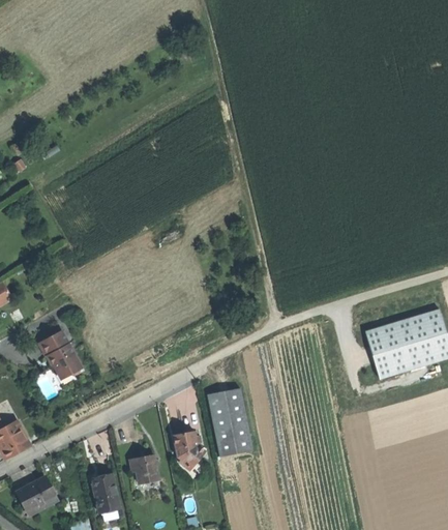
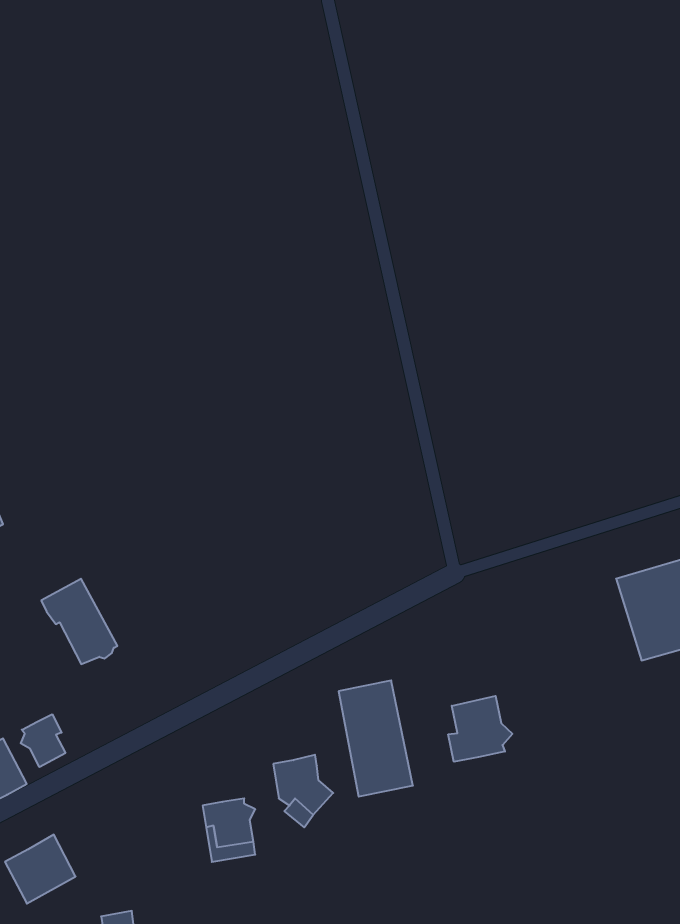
building: none -> [448,696,512,762]
building: none -> [21,714,65,767]
building: [91,475,117,512] -> none

